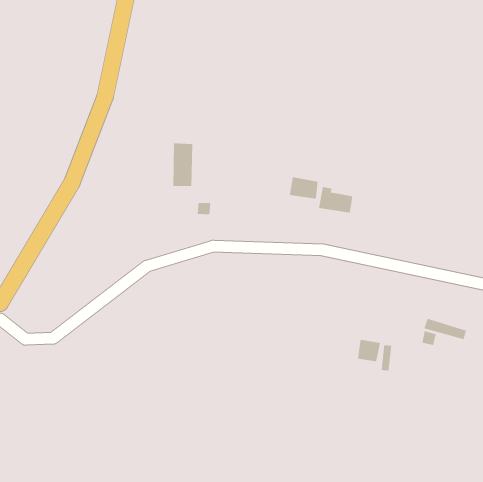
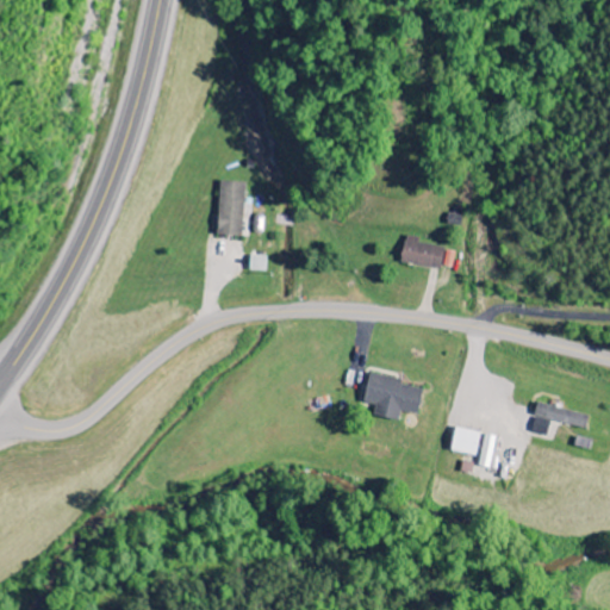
building: [289,177,318,199] -> none
building: none -> [362,371,423,421]

